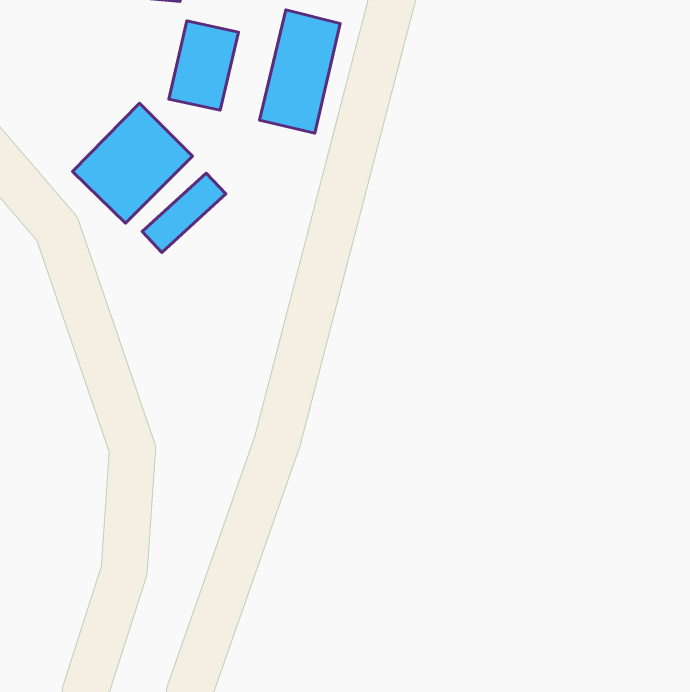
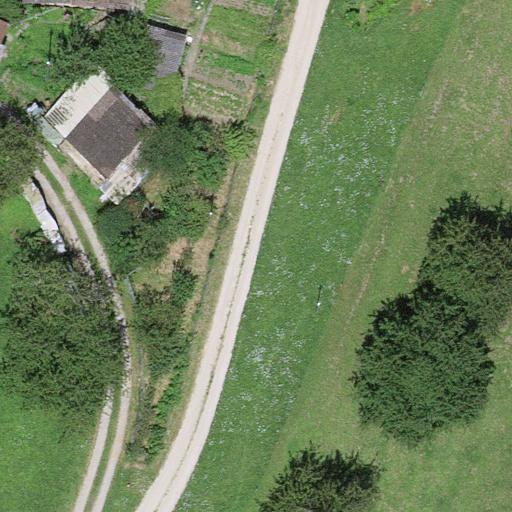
building: [259,10,340,133] -> none

